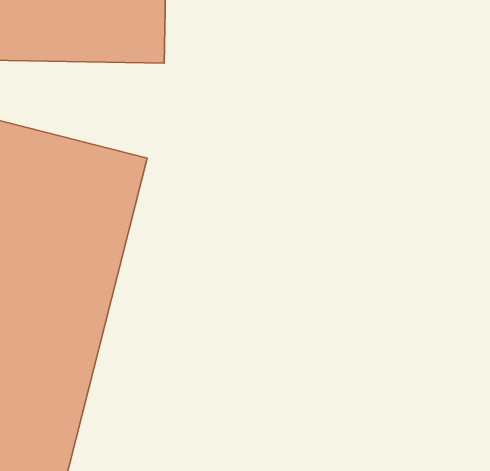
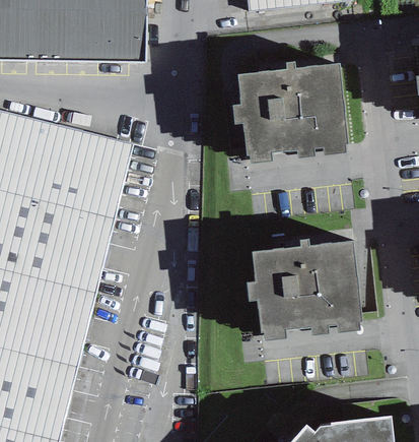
building: none -> [234,57,348,161]
building: none -> [248,235,361,338]

